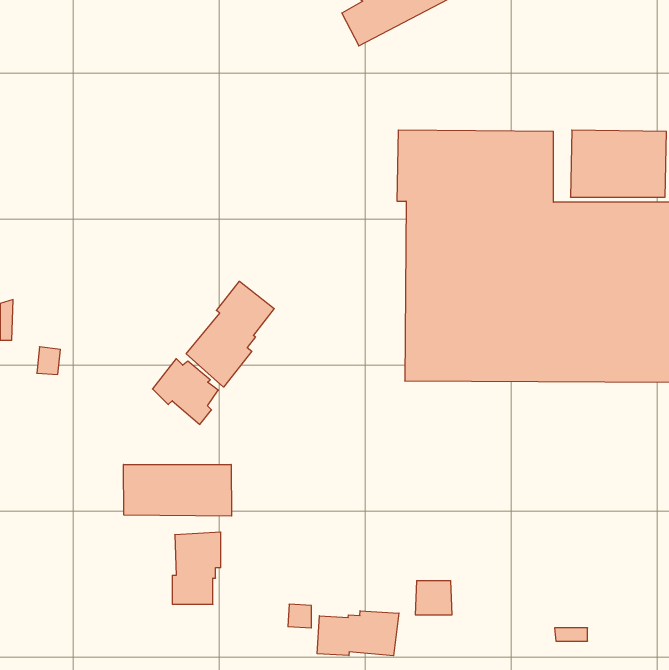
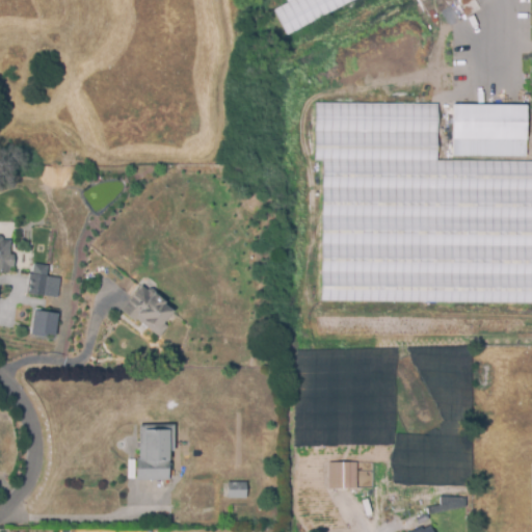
building: [186,281,274,387] -> none
building: none -> [33,305,61,335]
building: [124,464,232,516] -> none
building: [317,611,399,656] -> none

